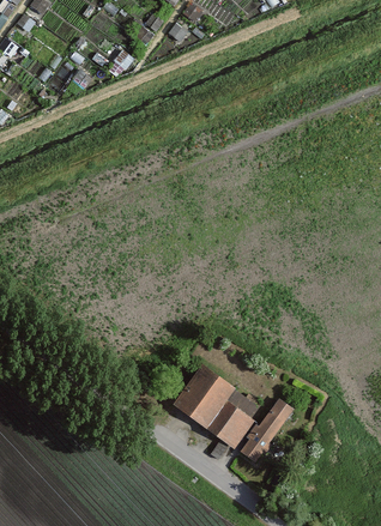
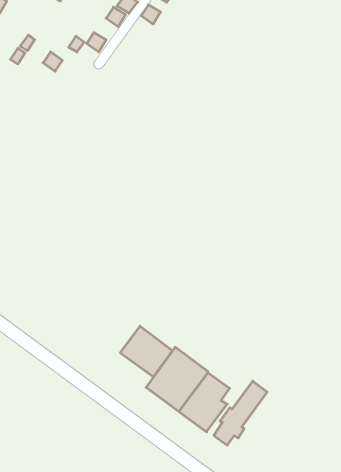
building: none -> [121,326,173,377]

